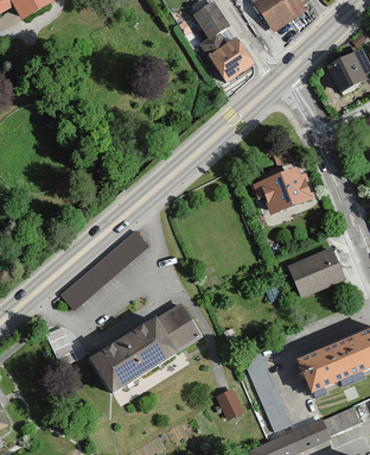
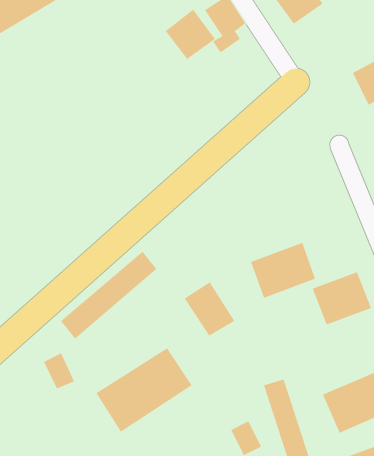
building: [206,40,253,87] -> [165,9,216,60]
building: [254,168,313,219] -> [250,242,316,298]
building: [158,302,204,352] -> [184,282,235,337]

